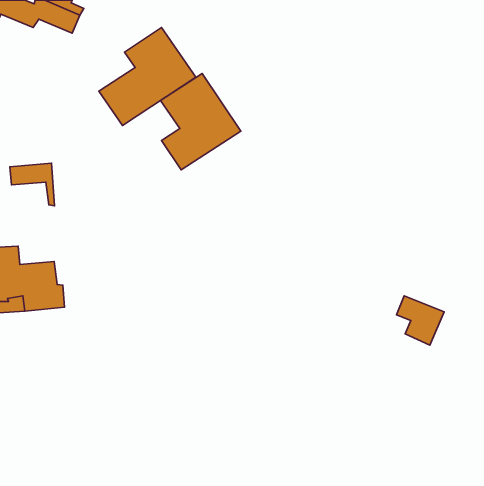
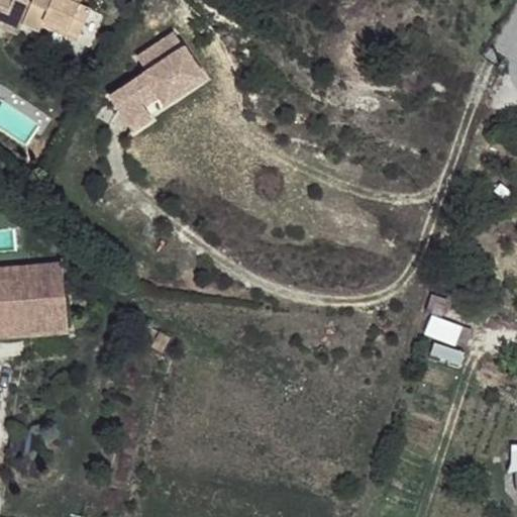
building: [161,73,241,170] -> none
building: [10,163,54,206] -> [19,257,67,303]

